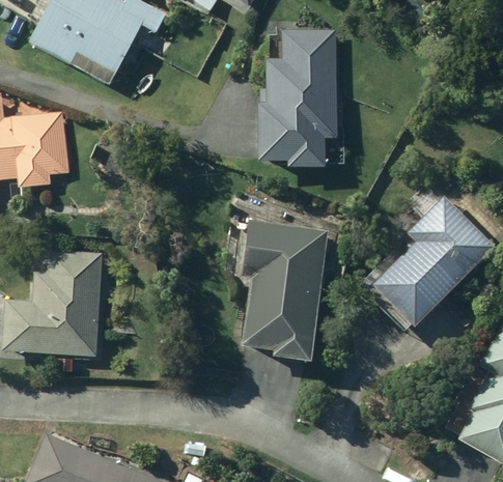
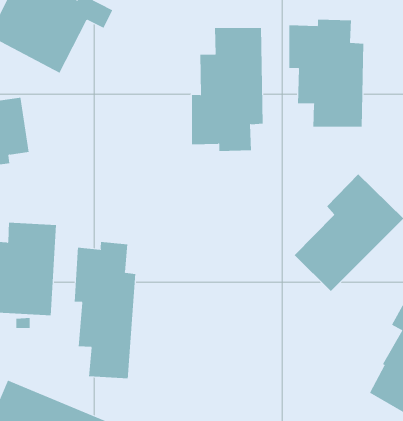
building: none -> [289,19,364,127]
building: [240,221,328,365] -> none
building: none -> [74,241,136,379]

